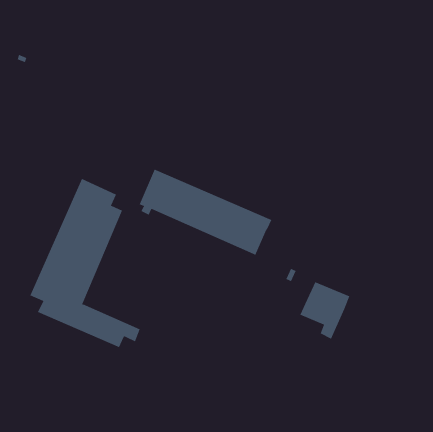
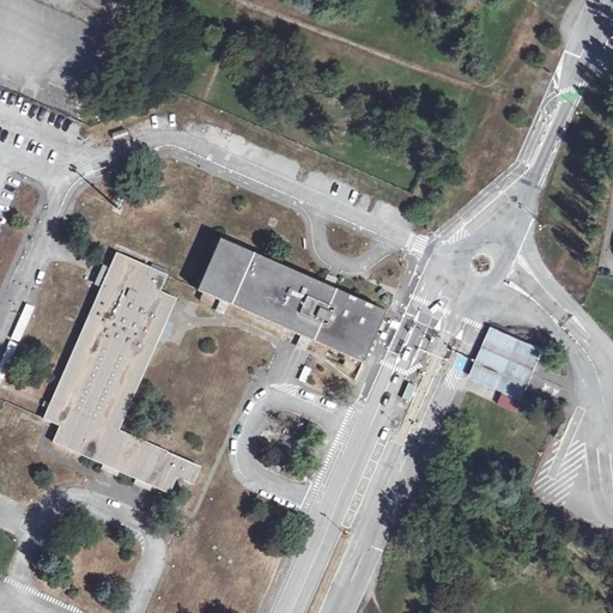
building: [299,282,350,339] -> [469,329,541,411]

